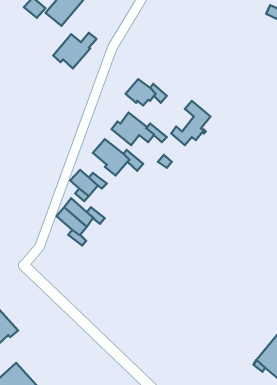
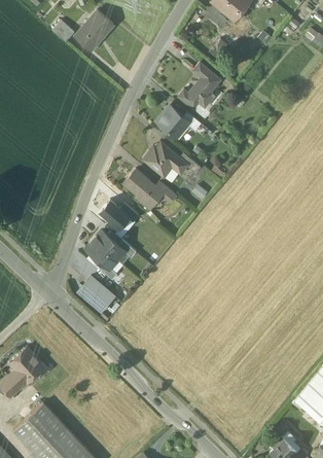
building: [53,33,96,69] -> none
building: [171,101,211,145] -> [180,62,221,108]
building: none -> [78,277,114,312]

